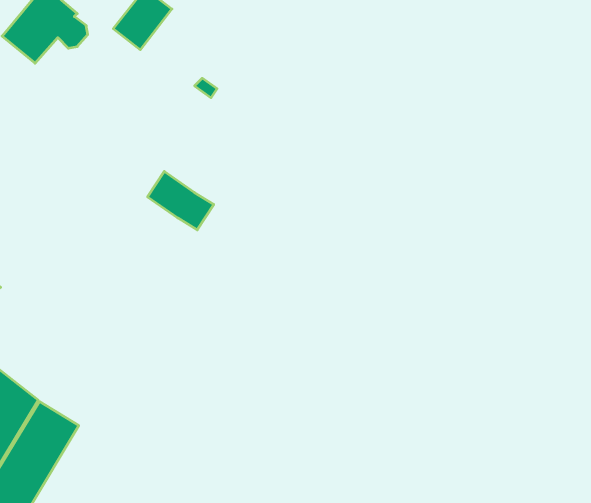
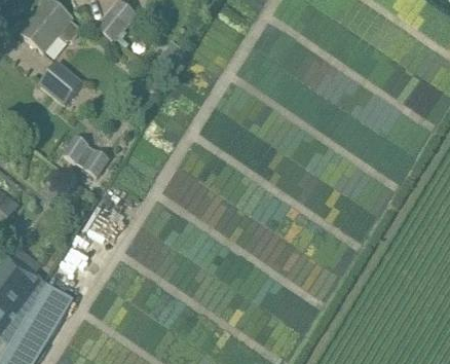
building: none -> [39,60,82,102]
building: [148,171,214,230] -> [64,135,109,175]

